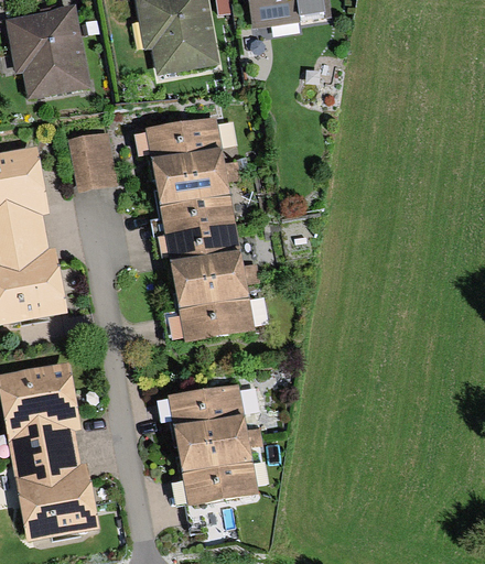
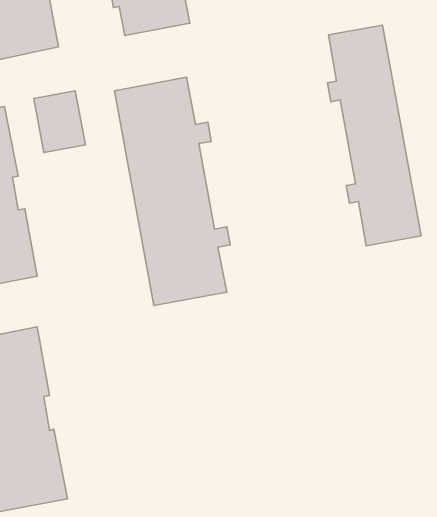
building: none -> [327,25,421,246]
building: [165,383,261,503] -> none

